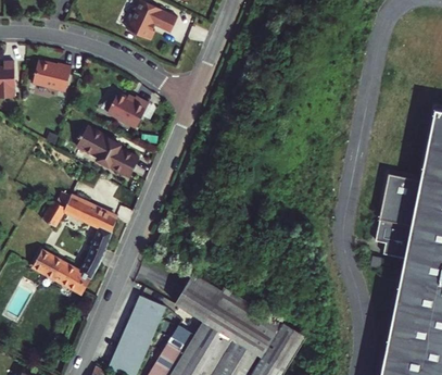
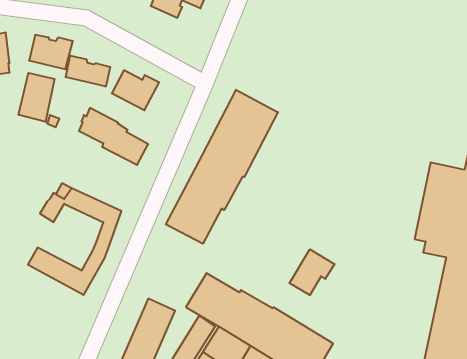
building: none -> [66,55,110,87]
building: none -> [19,73,55,122]
building: none -> [166,90,278,244]
building: none -> [289,249,335,295]

